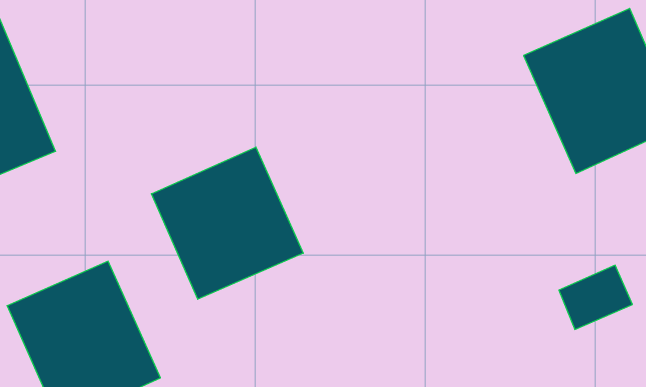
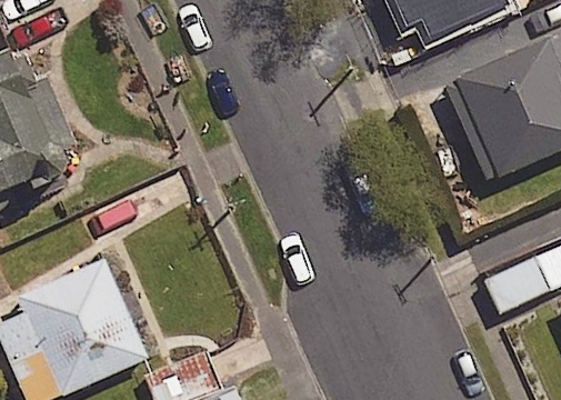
building: [151,147,303,299] -> none

